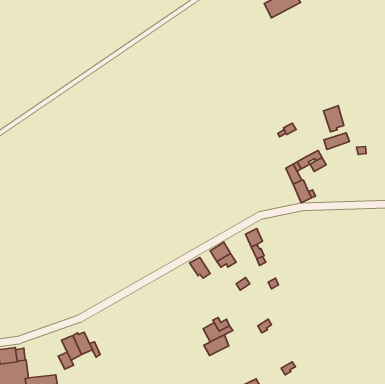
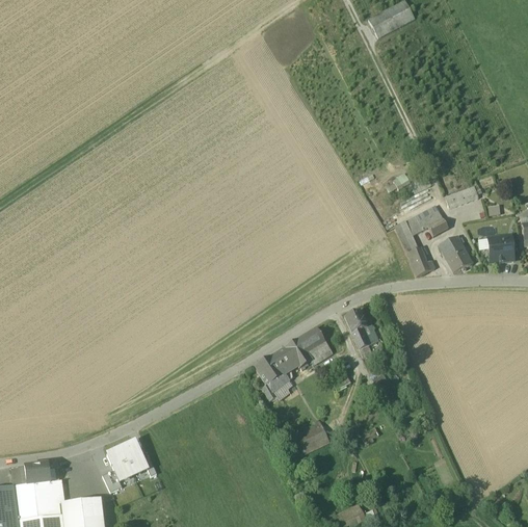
building: [324,106,344,132] -> none
building: none -> [439,235,474,271]
building: none -> [489,236,514,263]
building: none -> [286,339,313,368]
building: none -> [255,354,292,400]
building: [204,335,229,356] -> none

